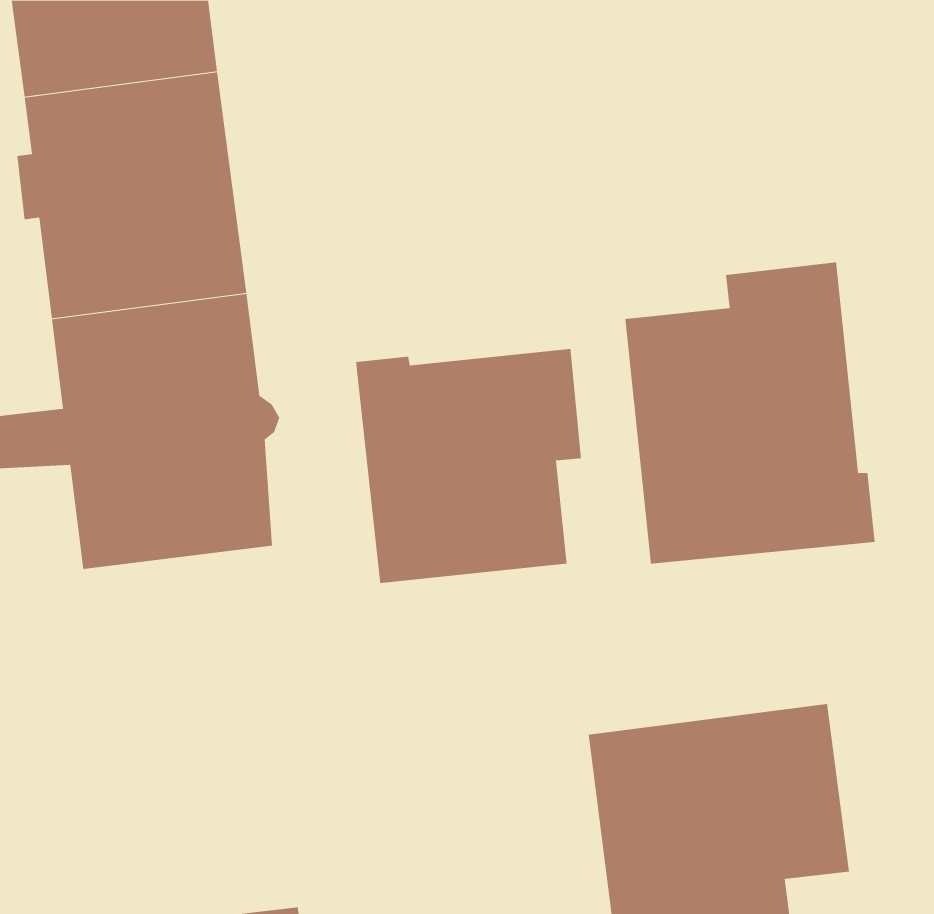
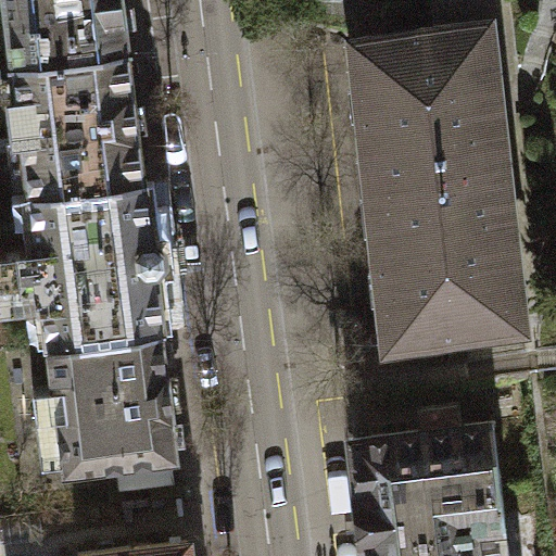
building: none -> [355,35,496,202]
building: [356,348,582,584] -> none
building: none -> [28,337,177,478]

